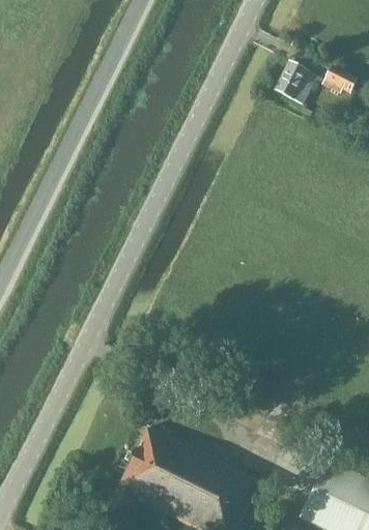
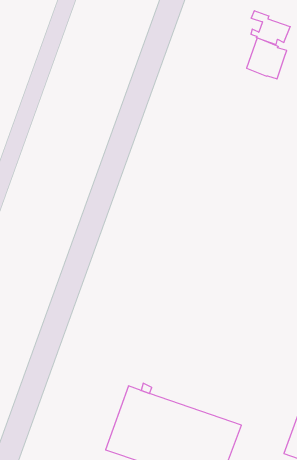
building: [275,62,318,107] -> [247,38,287,79]

